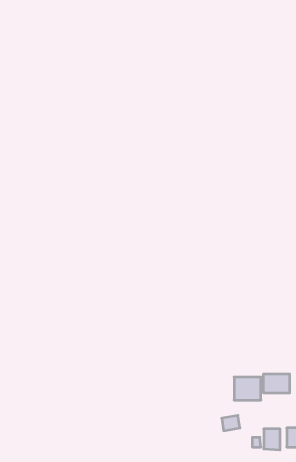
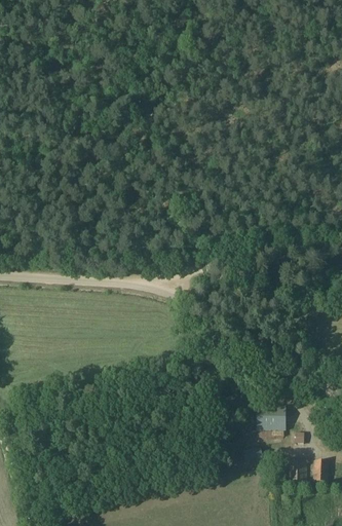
building: [264,374,290,393] -> none

